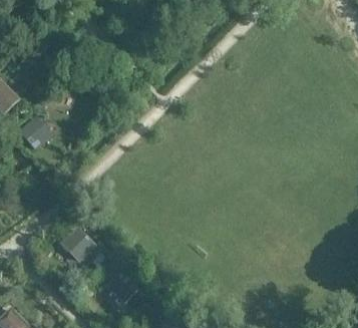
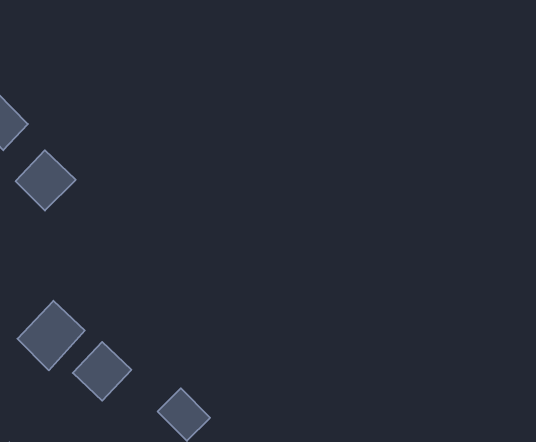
building: none -> [17,301,85,370]

